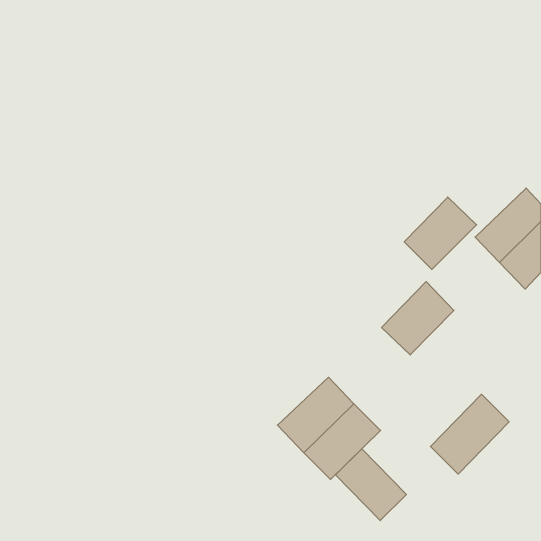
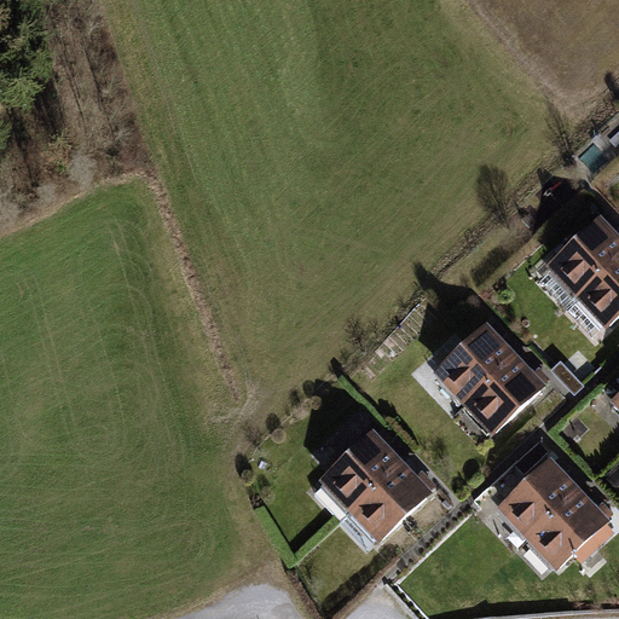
building: [404,197,477,269] -> [467,353,549,435]
building: none -> [521,480,611,569]
building: [336,449,406,521] -> none

